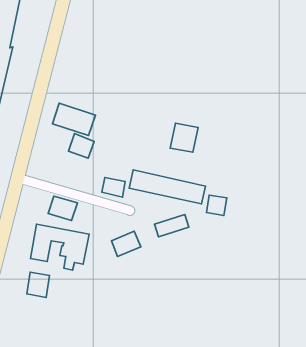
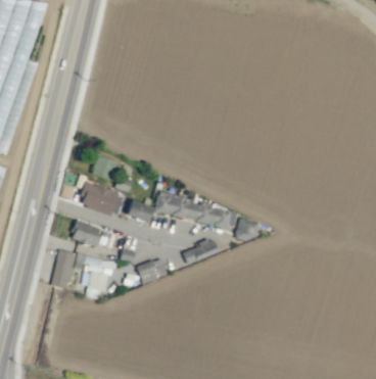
building: [52,103,95,136] -> [78,182,123,216]
building: [170,123,198,152] -> none
building: [27,272,50,297] -> none

